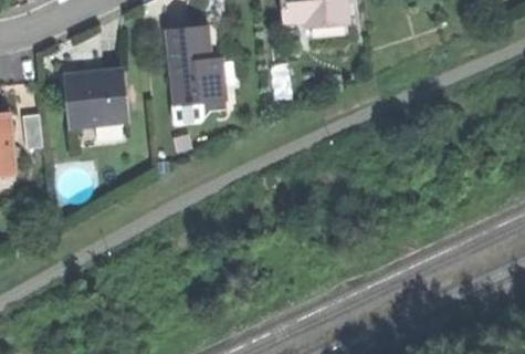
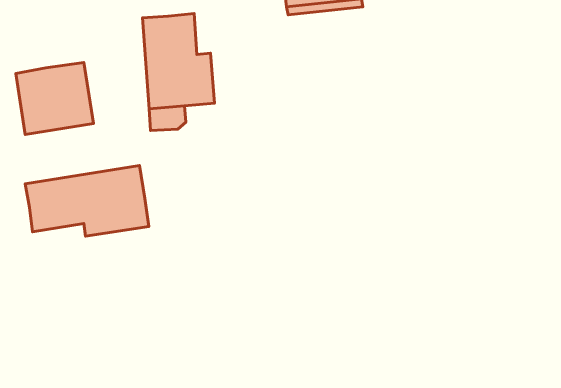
building: none -> [25,166,149,236]

